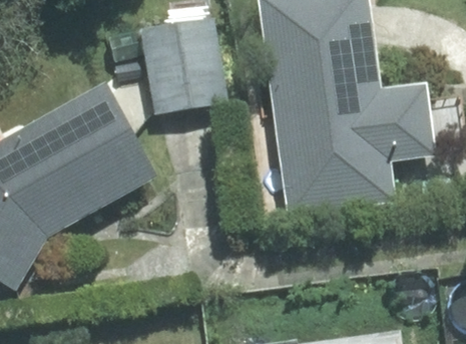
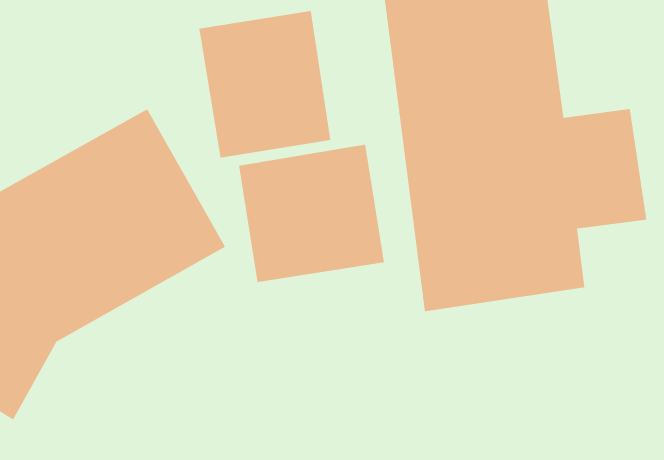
building: none -> [239,144,384,283]

